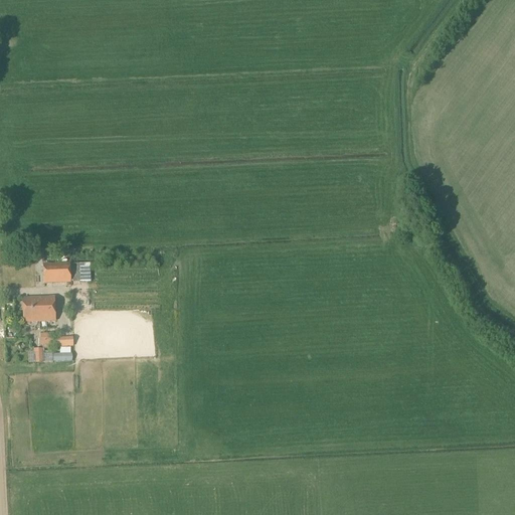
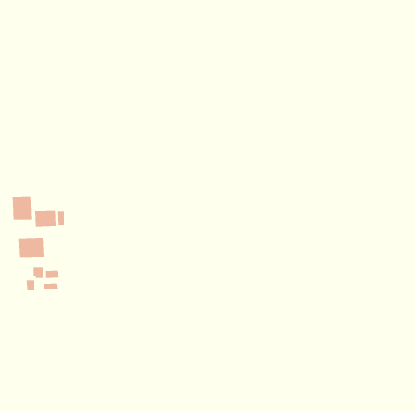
building: none -> [12,196,32,221]

